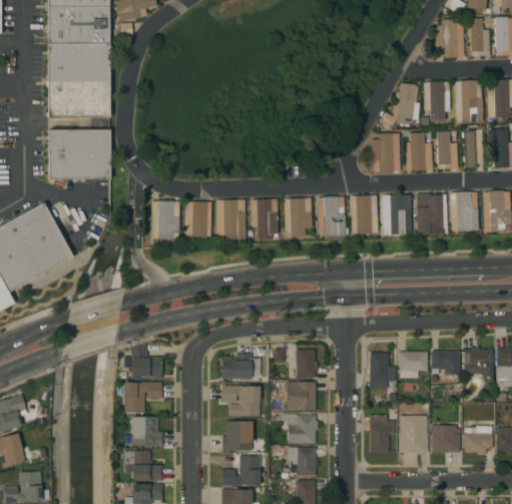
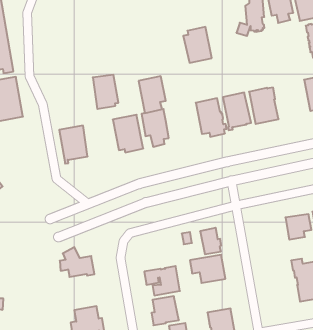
building: [436,130,458,168] -> none
building: [405,132,432,171] -> none
building: [371,133,400,172] -> [183,27,212,63]
building: [416,193,448,234] -> none
building: [284,197,312,237] -> [139,76,166,113]
building: [184,201,210,239] -> [93,75,118,109]
building: [369,353,396,389] -> none
building: [221,354,261,379] -> none
building: [117,382,161,413] -> none
building: [281,414,318,444] -> none
building: [370,415,395,452] -> none

